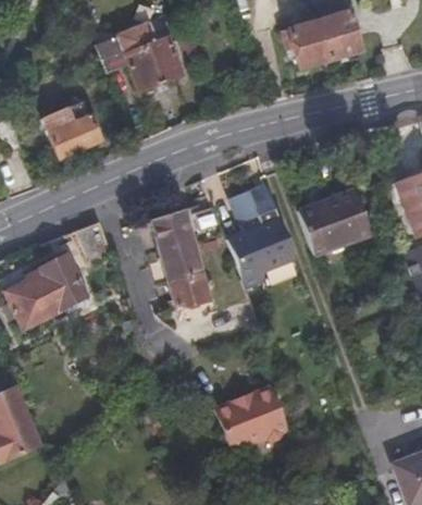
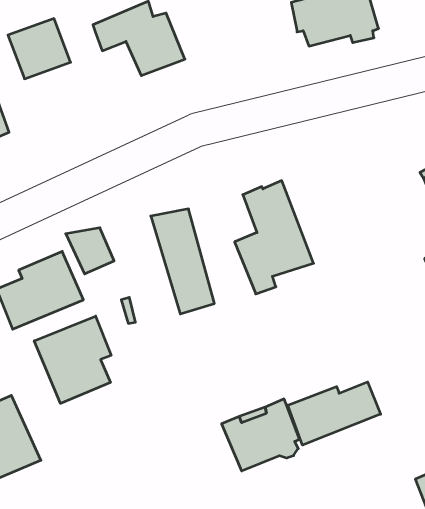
building: [45,97,102,152] -> [8,19,71,79]
building: [297,186,370,251] -> none
building: none -> [34,316,111,403]
building: none -> [288,382,381,445]

